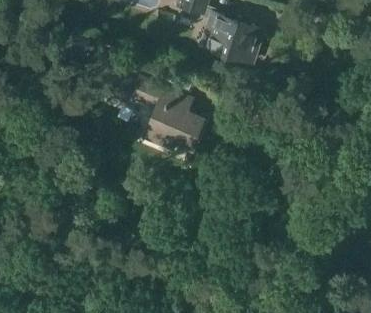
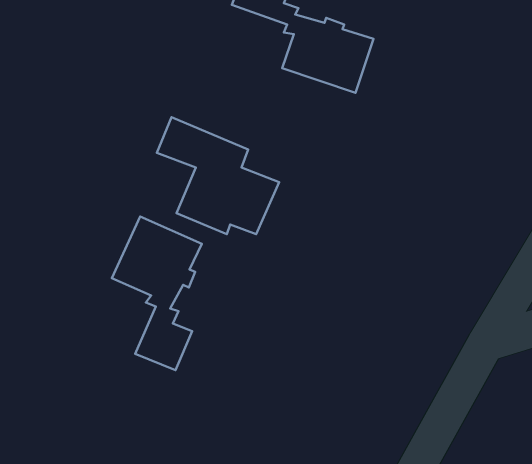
building: none -> [112,217,202,370]

